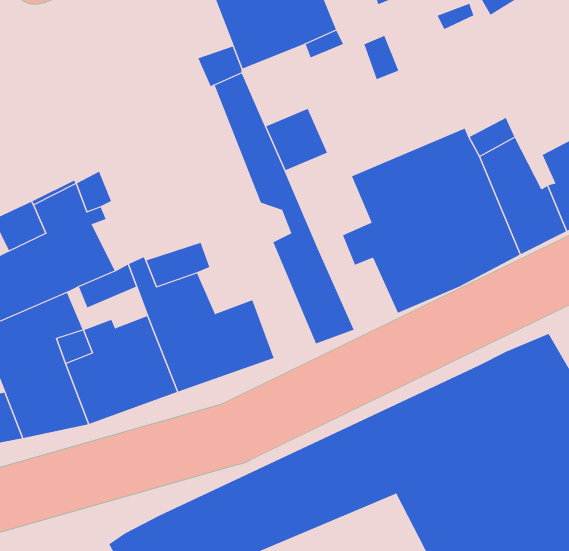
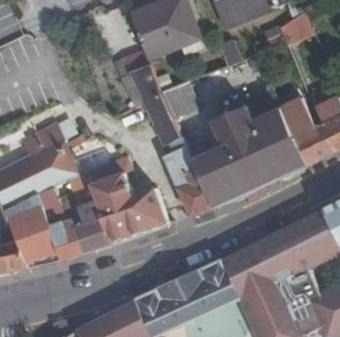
building: none -> [191,155,236,208]

